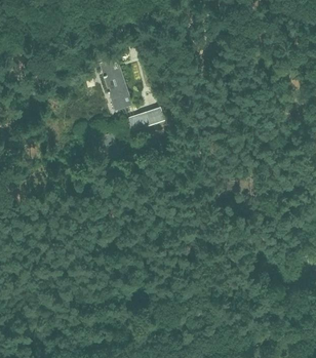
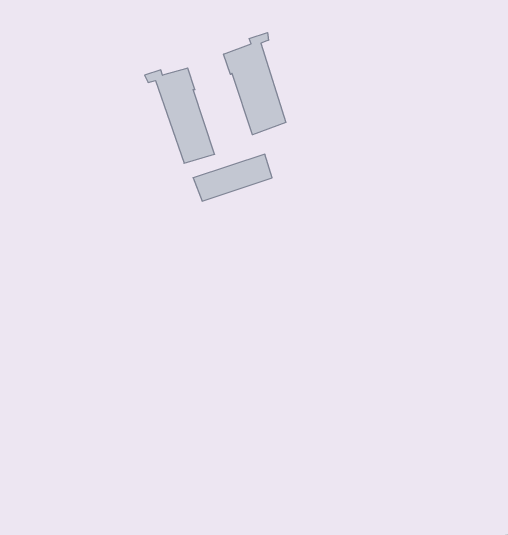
building: none -> [224,33,286,135]

